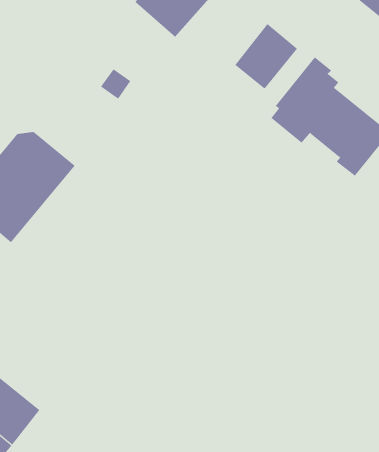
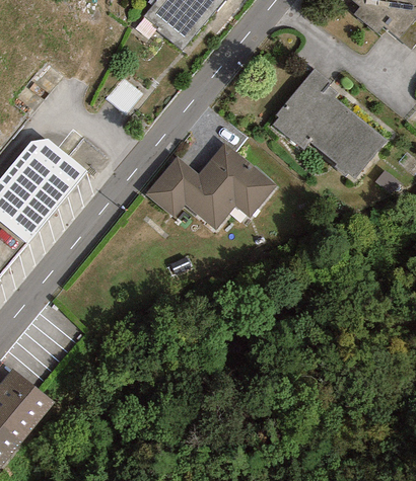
building: [234,23,298,89] -> none
building: none -> [145,142,277,229]

